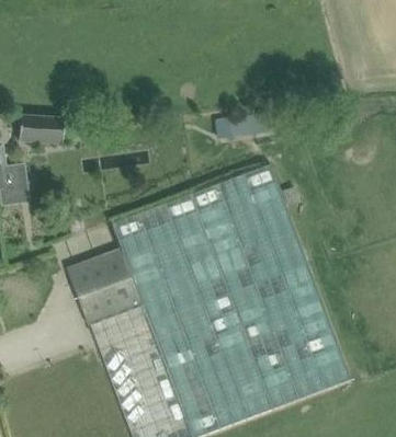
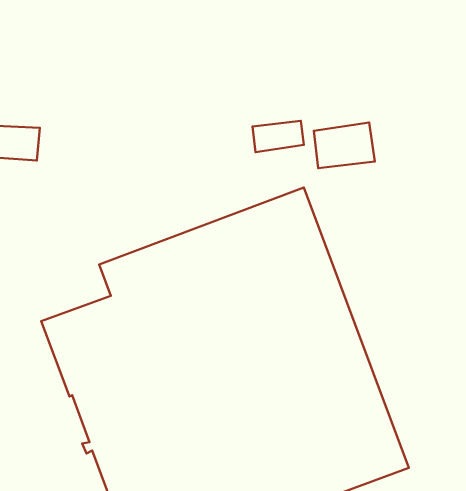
building: none -> [314,122,375,168]

